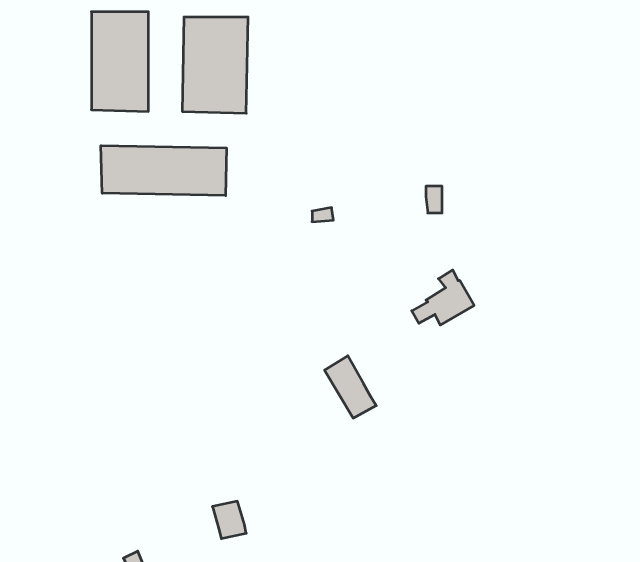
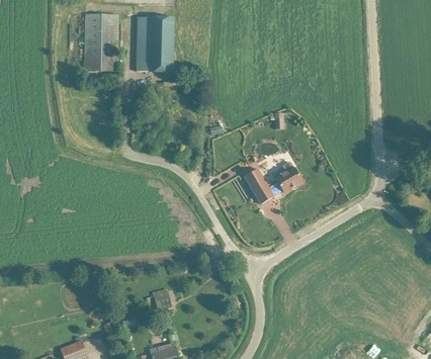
building: [101,146,226,196] -> none
building: [325,356,376,418] -> [245,168,274,203]

